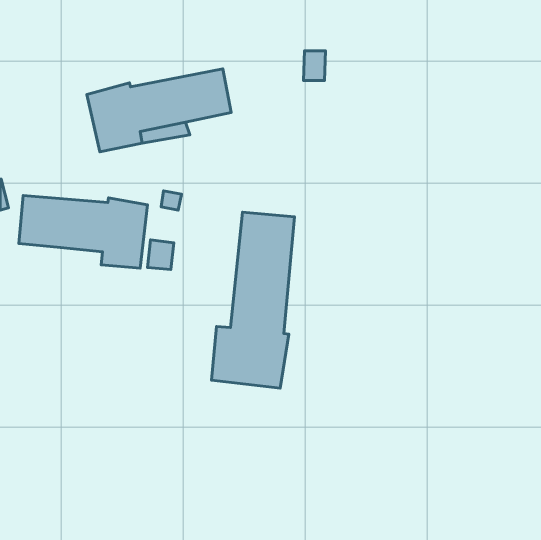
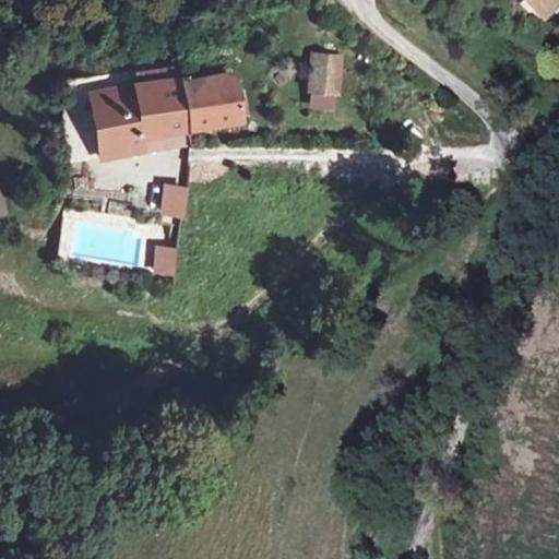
building: [19,195,148,268] -> none
building: [211,212,294,388] -> none

